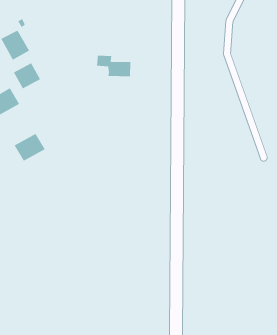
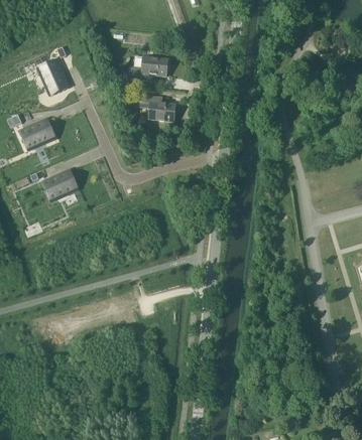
building: none -> [125,56,170,80]
building: [13,62,41,90] -> none

